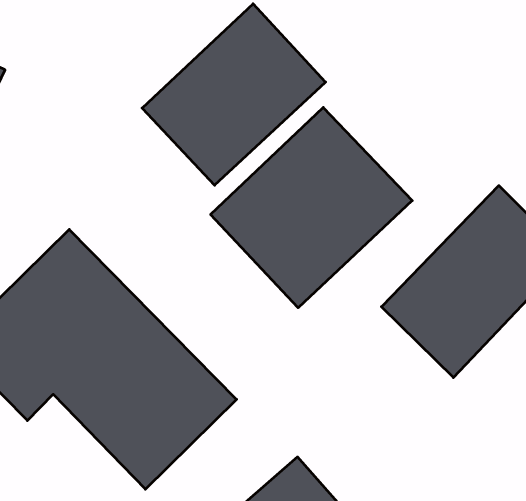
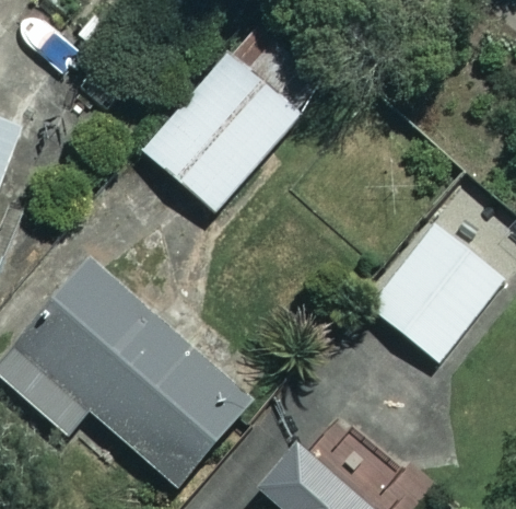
building: [211,107,412,308] -> none

